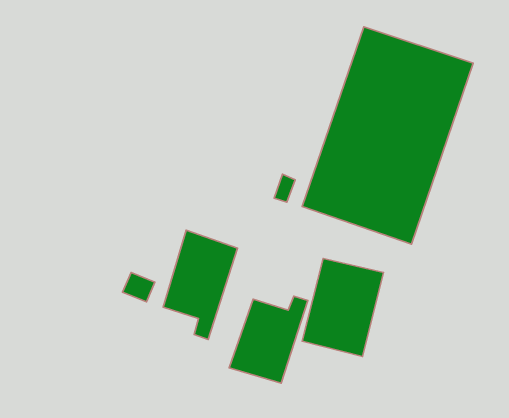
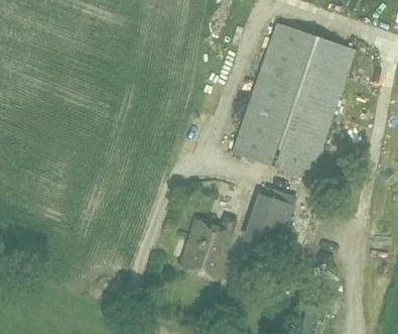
building: [163,230,238,339] -> none

